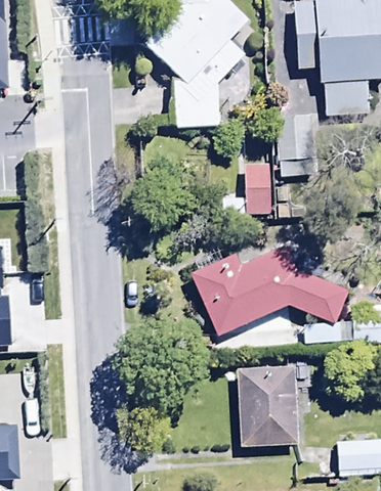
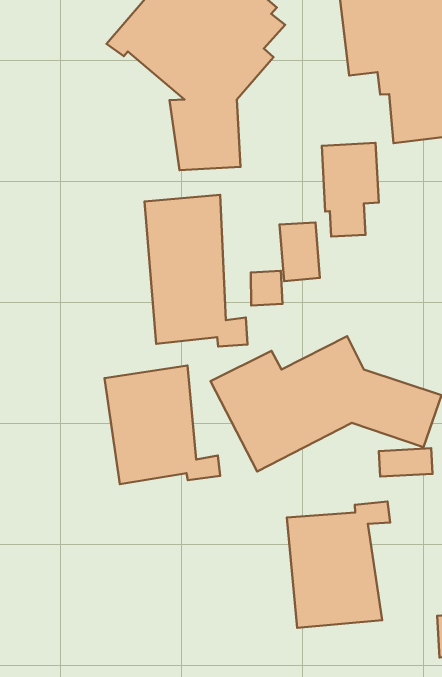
building: none -> [145,195,247,347]
building: none -> [104,366,220,484]

